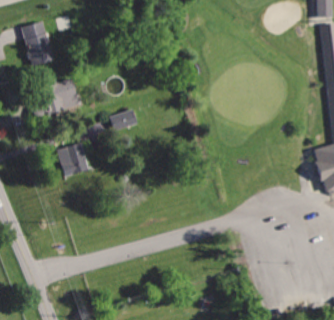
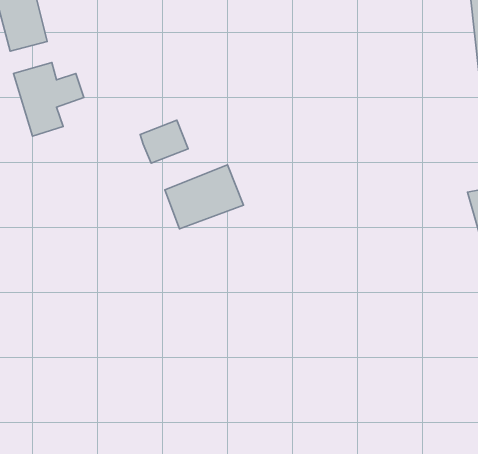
building: none -> [165,165,243,229]
building: [55,140,93,179] -> none

